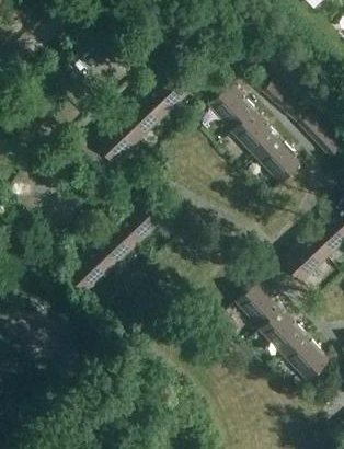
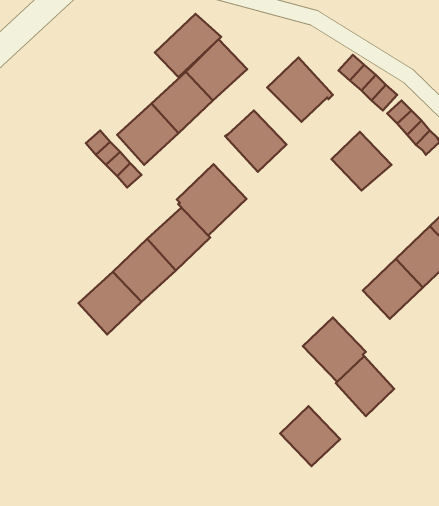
building: none -> [155,14,221,77]
building: [233,113,280,160] -> [225,110,287,172]
building: none -> [177,164,247,235]
building: [285,336,331,382] -> [280,406,340,466]

